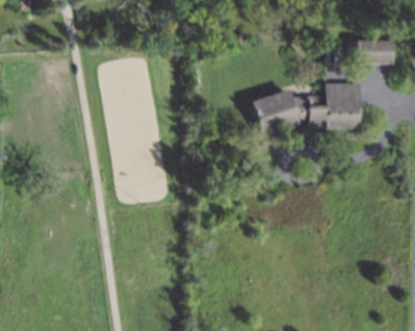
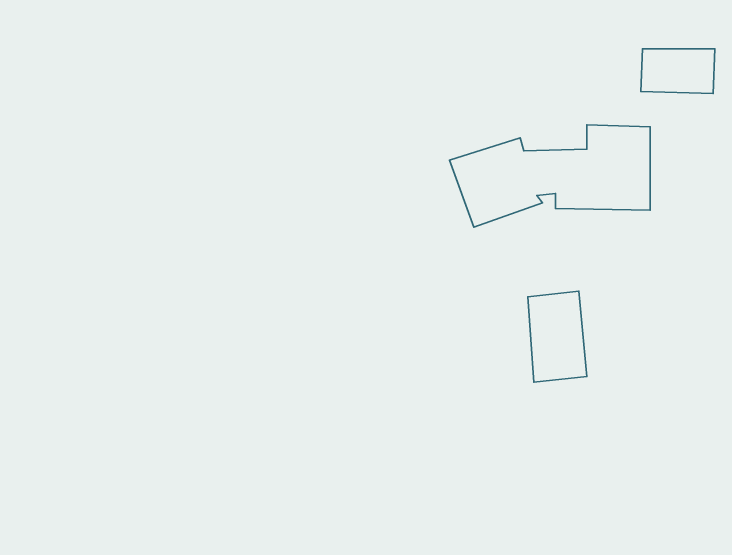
building: none -> [528,291,587,382]

